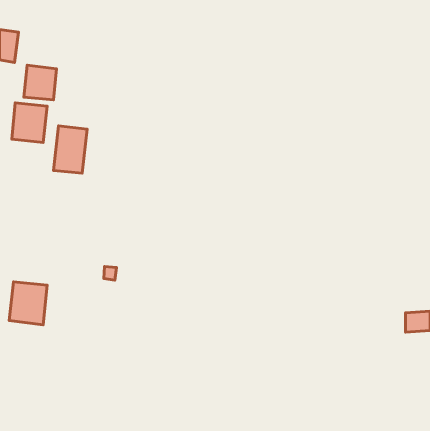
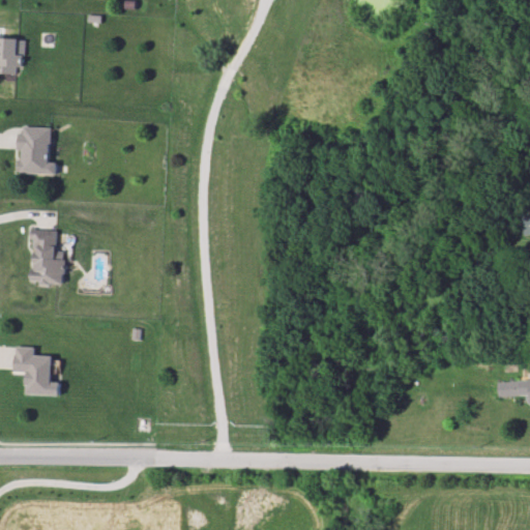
building: [24,65,57,100] -> none
building: [53,126,87,173] -> [27,227,68,285]

